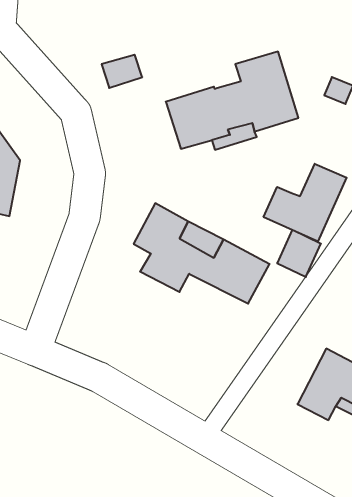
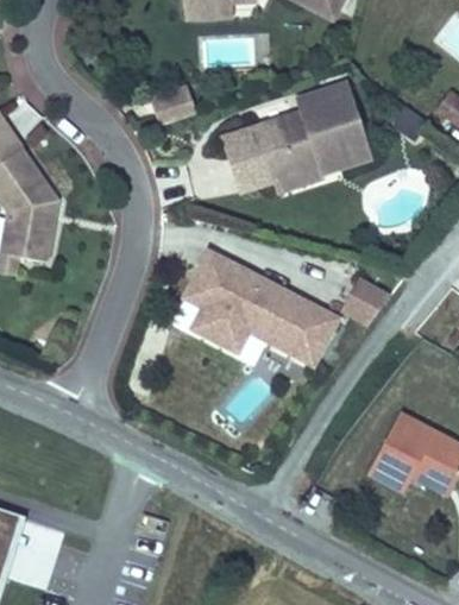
building: [264,164,347,242] -> none

